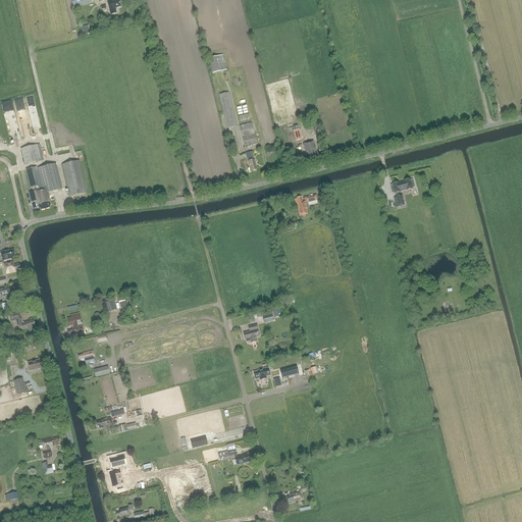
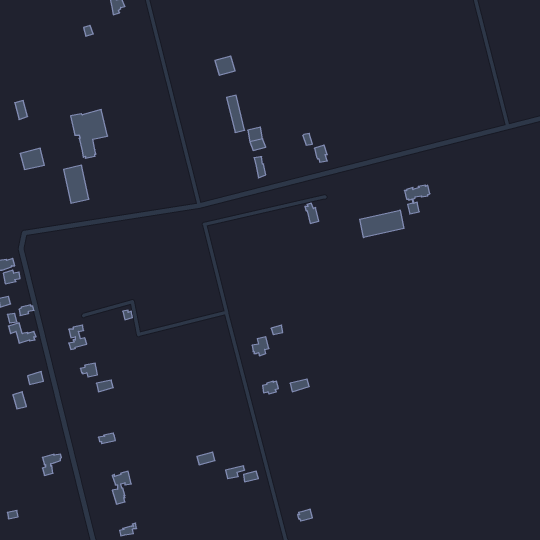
building: [25,162,61,209] -> [71,110,108,158]
building: none -> [360,210,404,238]

